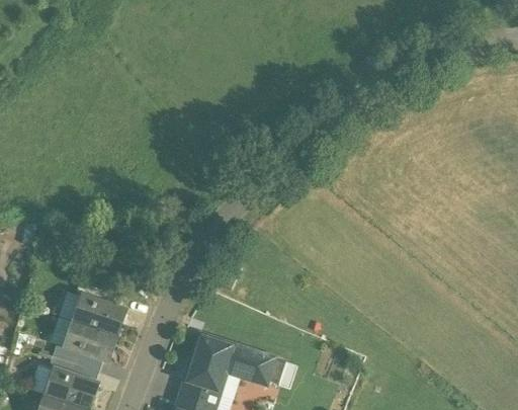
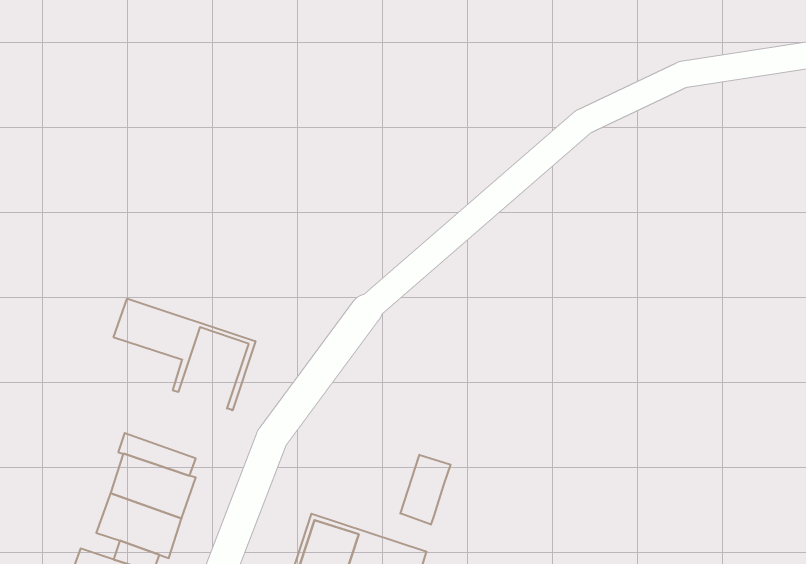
building: none -> [114,299,255,410]
building: none -> [400,455,451,525]

